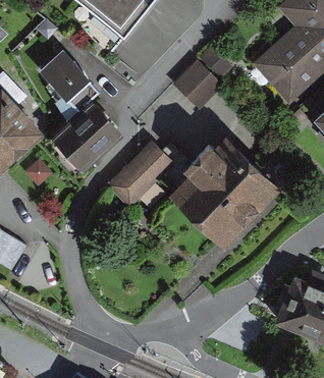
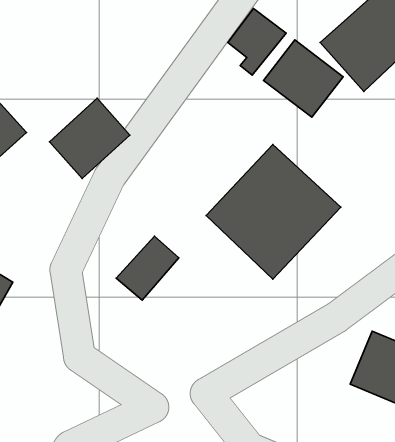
building: [43,57,98,112] -> none
building: none -> [264,40,343,117]
building: [120,146,167,194] -> [116,236,179,300]

